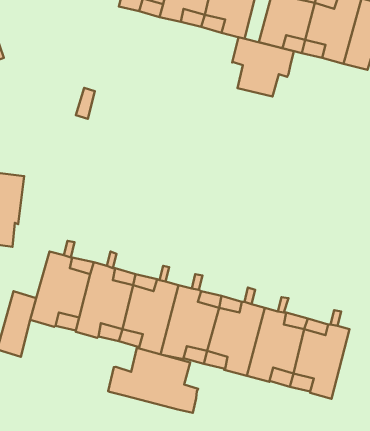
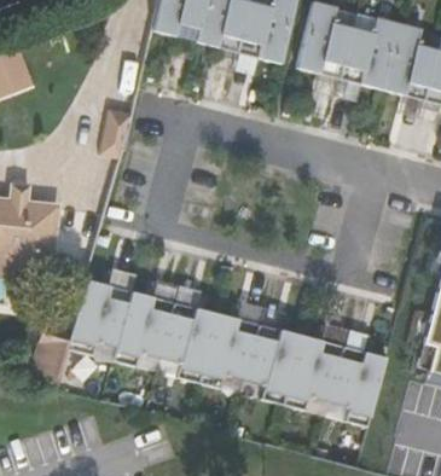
building: [232,37,294,97] -> none
building: [108,348,198,413] -> none

